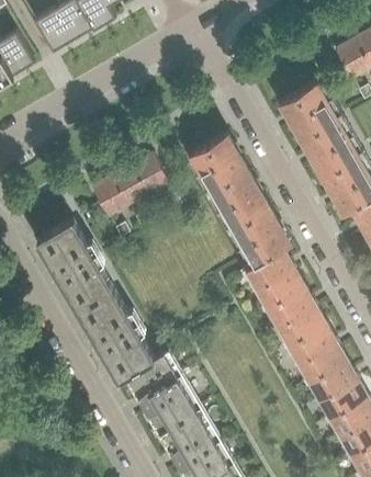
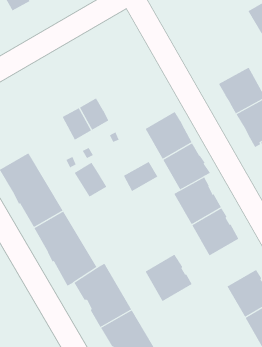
building: [278,80,334,136] -> none
building: [188,132,246,190] -> none
building: [90,175,125,214] -> none
building: none -> [123,161,158,192]
building: none -> [74,162,107,198]
building: [286,321,344,378] -> [145,254,192,302]

